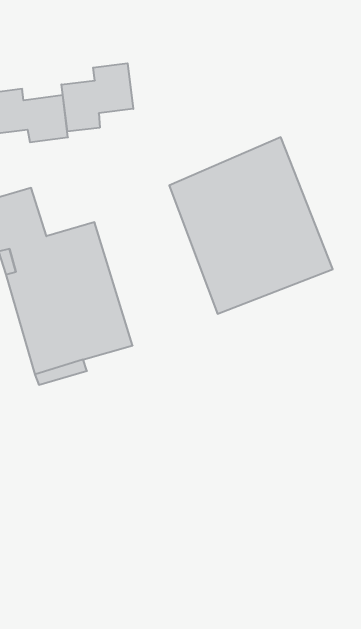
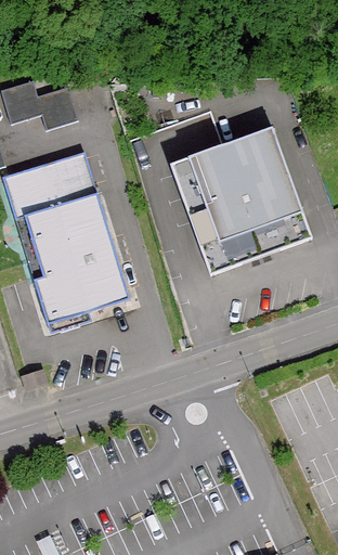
building: [61,63,133,132] -> none
building: none -> [48,151,102,205]

